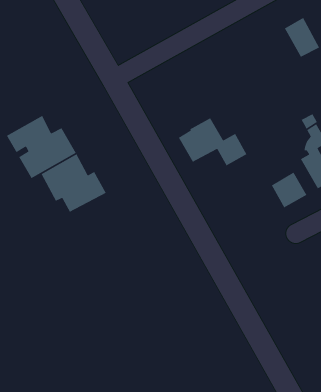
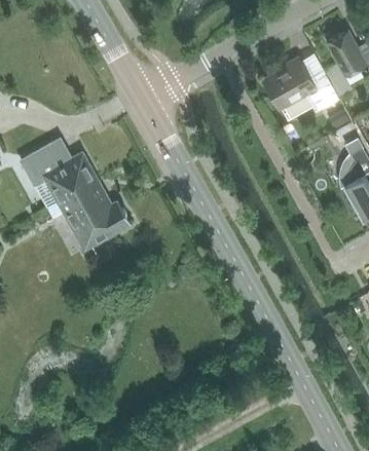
building: [178,117,248,166] -> [263,59,340,113]
building: [271,172,308,208] -> none

